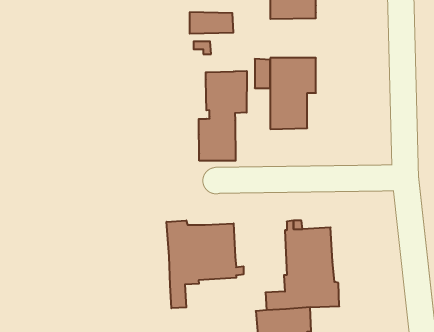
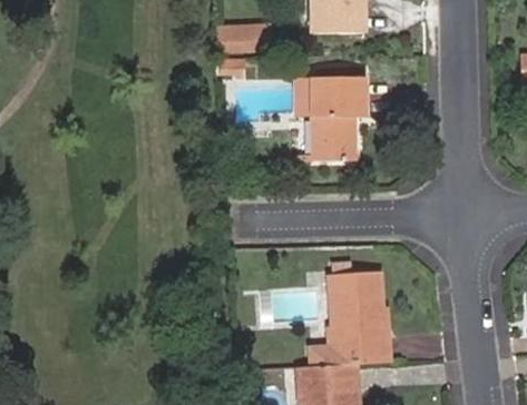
building: [199,71,247,161] -> none
building: [167,220,243,308] -> none

